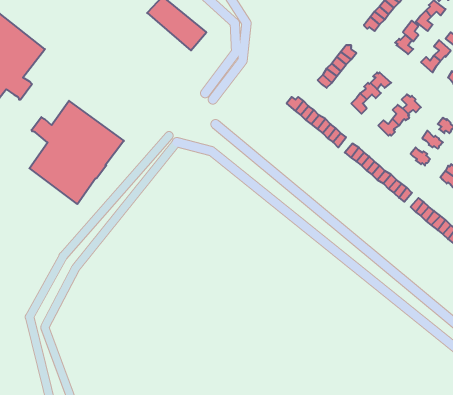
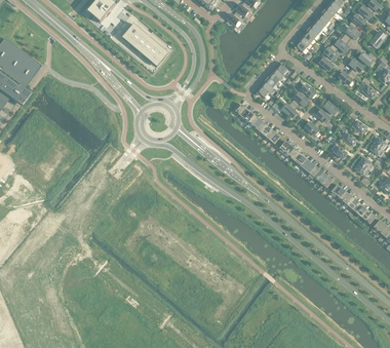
building: [29,101,124,204] -> none

